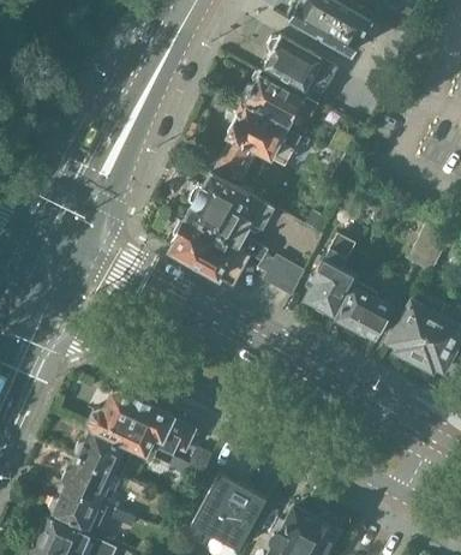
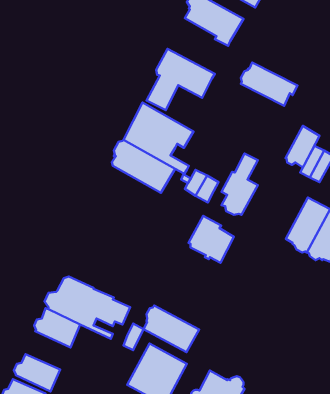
building: [244,76,315,130] -> [241,63,297,106]
building: none -> [285,126,319,167]
building: [337,282,394,341] -> [189,216,234,263]
building: none -> [144,305,199,352]
building: [61,459,120,507] -> none

